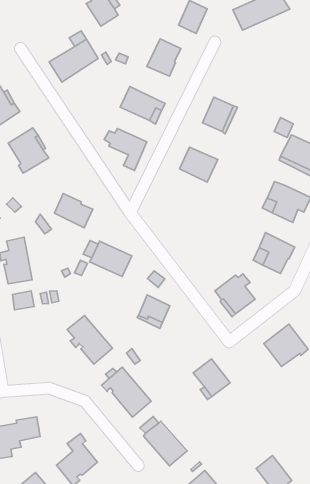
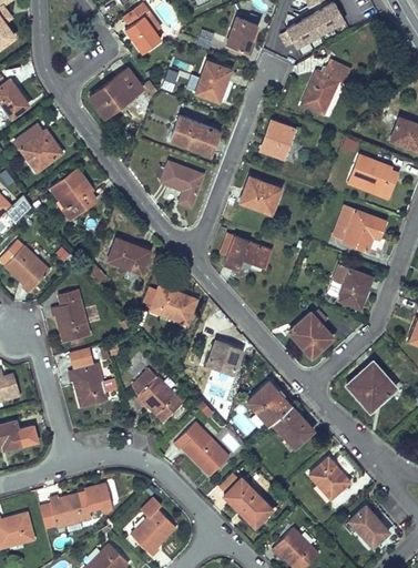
building: none -> [300,61,349,115]
building: none -> [220,234,271,270]
building: none -> [68,365,105,407]
building: none -> [246,382,290,426]
building: none -> [308,458,348,498]

